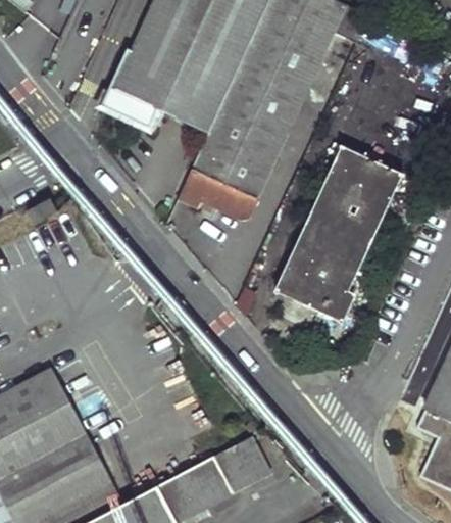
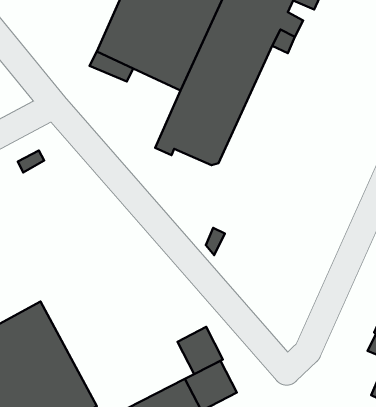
building: [277,145,401,320] -> none
building: none -> [177,327,223,374]

